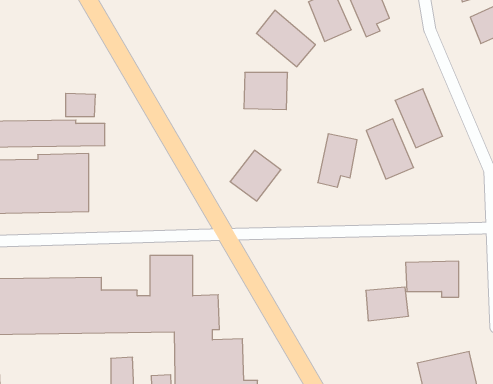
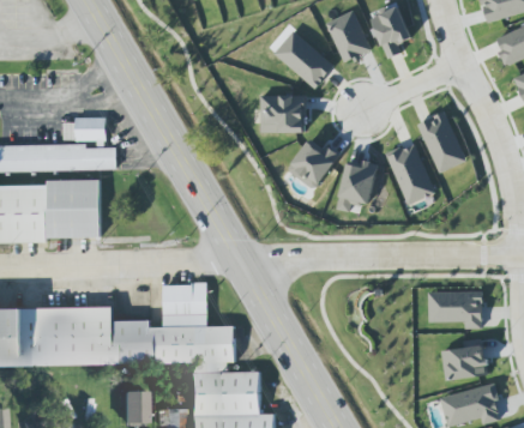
building: [230,150,281,201] -> [287,137,339,189]
building: [366,287,409,321] -> [442,345,487,380]

